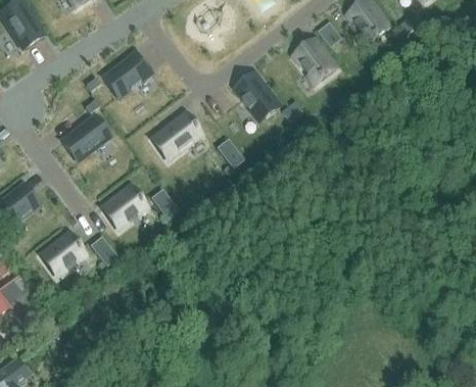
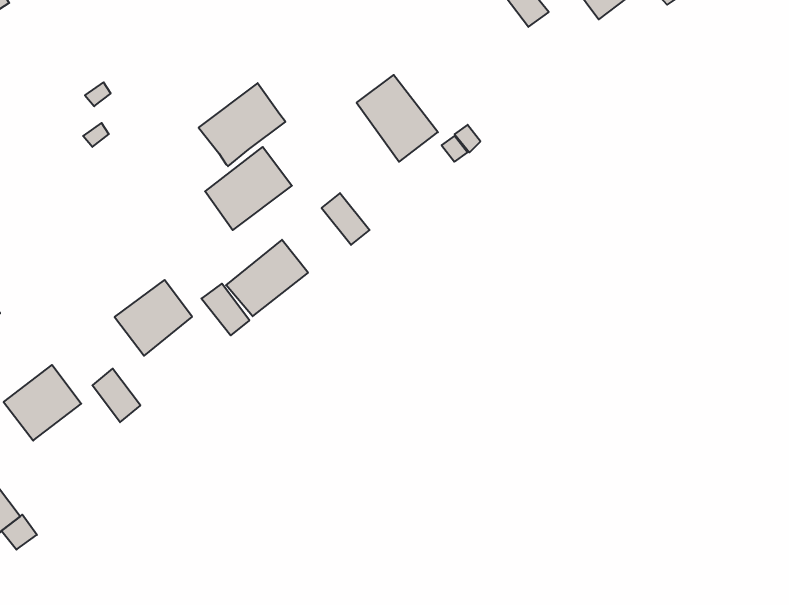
building: [294,41,336,84] -> none
building: [102,52,150,98] -> [199,83,285,166]
building: [60,115,108,161] -> none
building: none -> [226,240,308,316]

